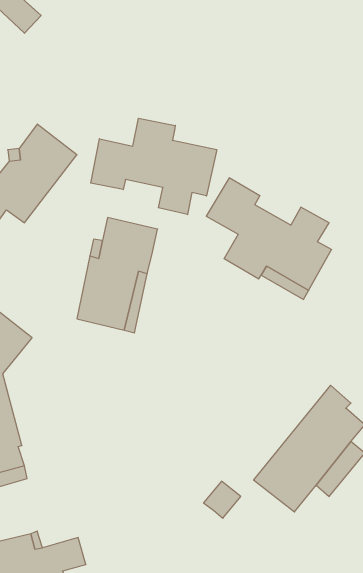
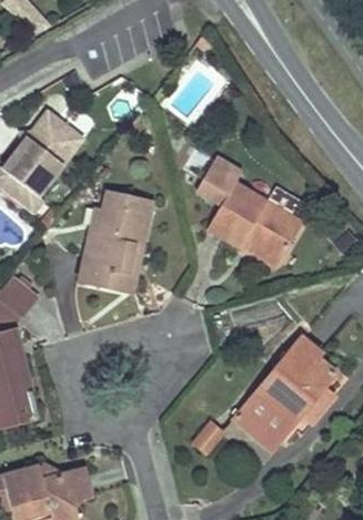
building: [91,118,217,215] -> none

